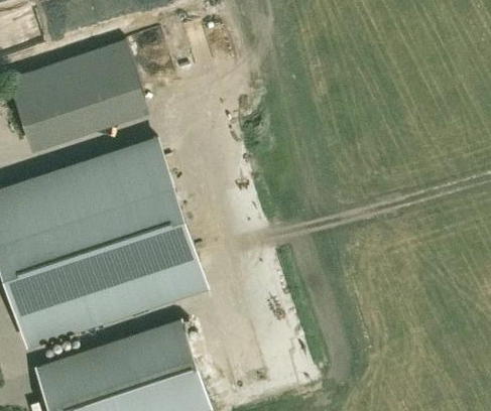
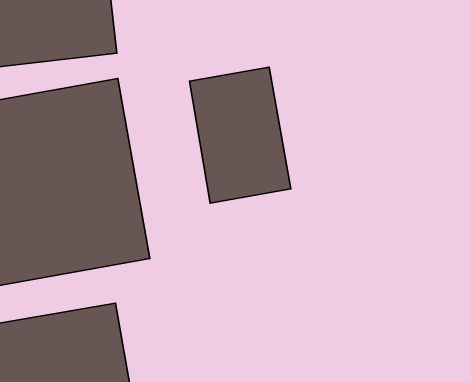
building: none -> [189,67,291,203]

